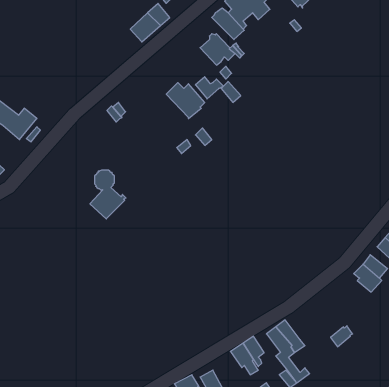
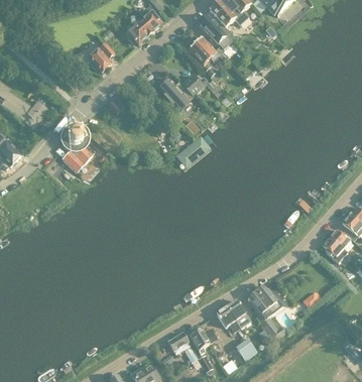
building: none -> [89,43,114,72]
building: [90,170,126,219] -> [62,128,93,170]

